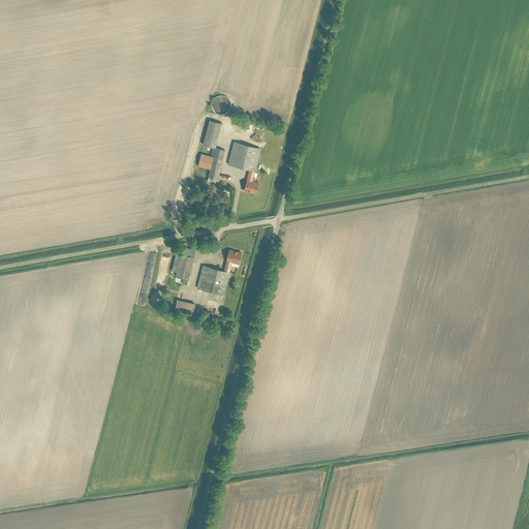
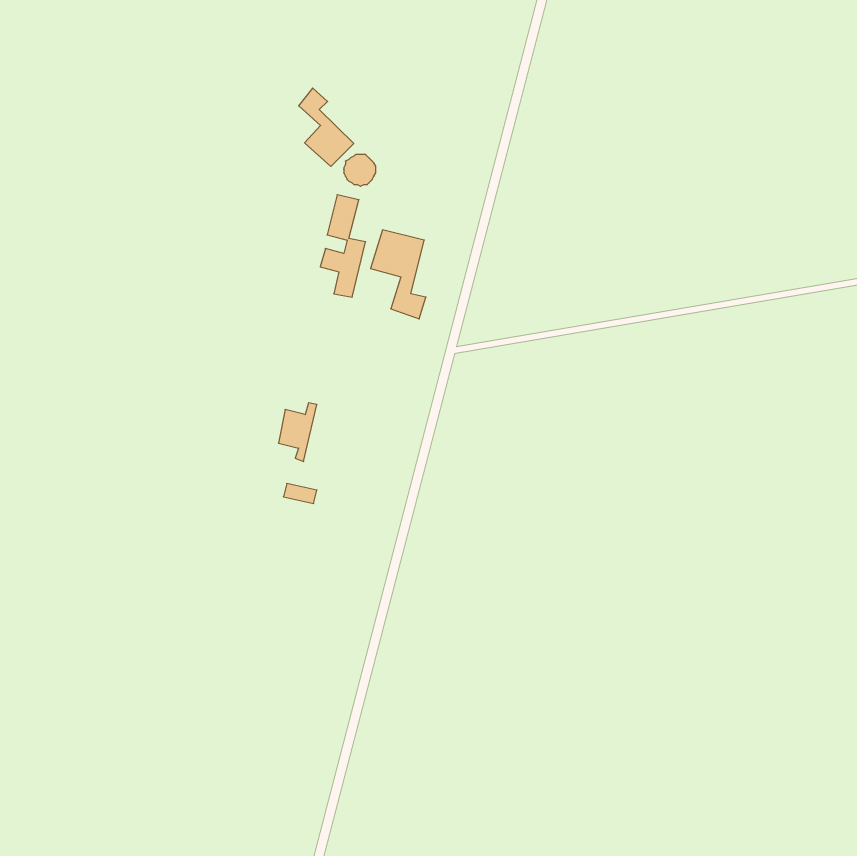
building: none -> [299,88,354,166]
building: [197,249,242,293] -> none

